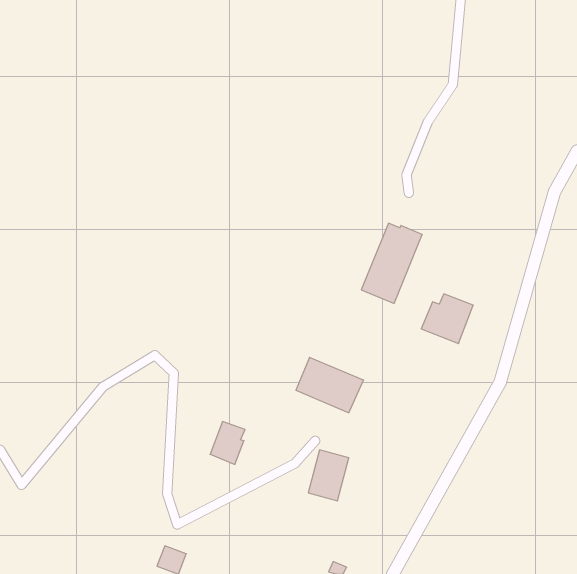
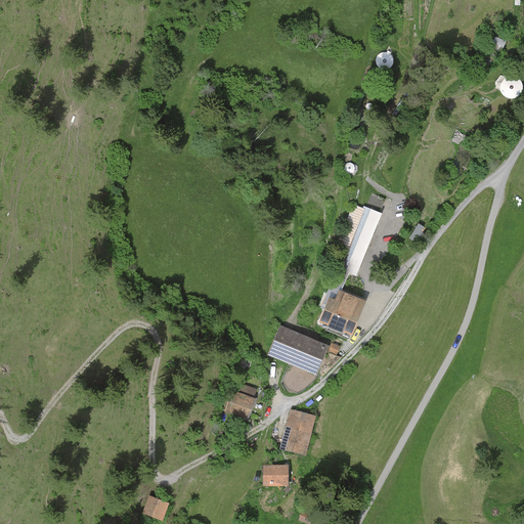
building: [421,294,473,344] -> [318,290,365,335]
building: [210,422,245,464] -> [225,381,257,420]
building: none -> [263,464,289,485]

